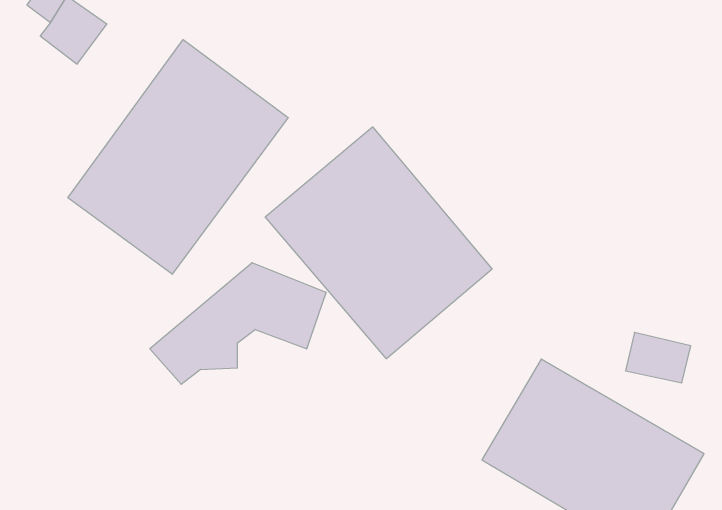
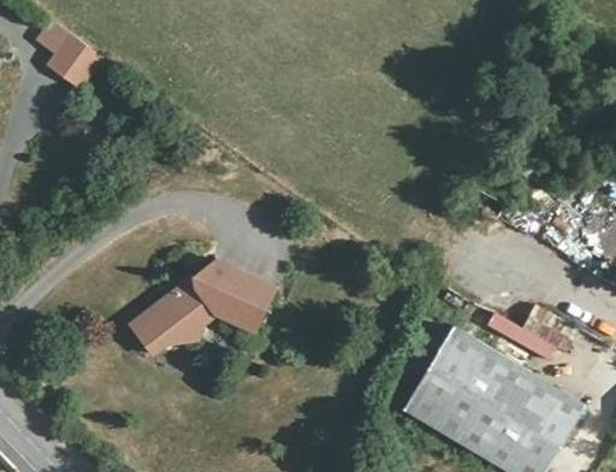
building: [68,40,288,274] -> none
building: [265,127,492,359] -> none

